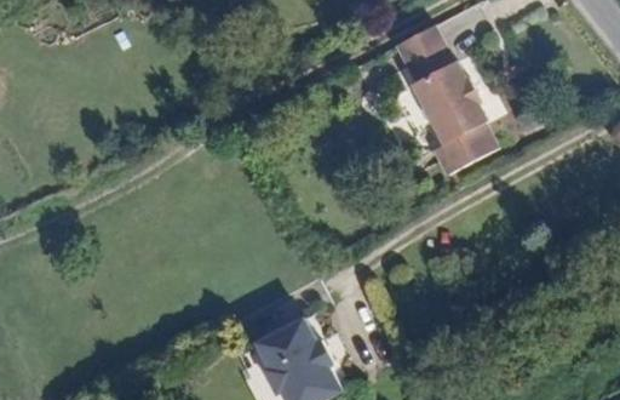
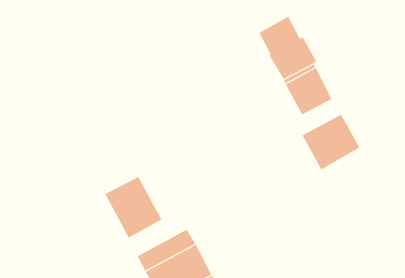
building: none -> [302,114,360,170]
building: none -> [105,176,162,238]

